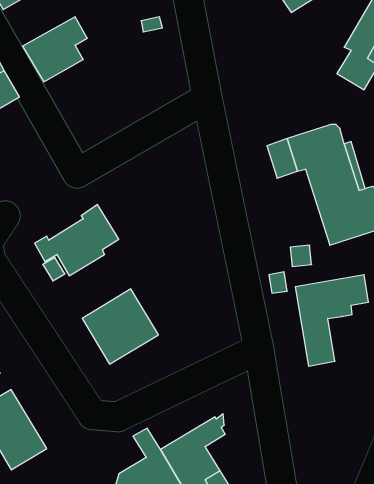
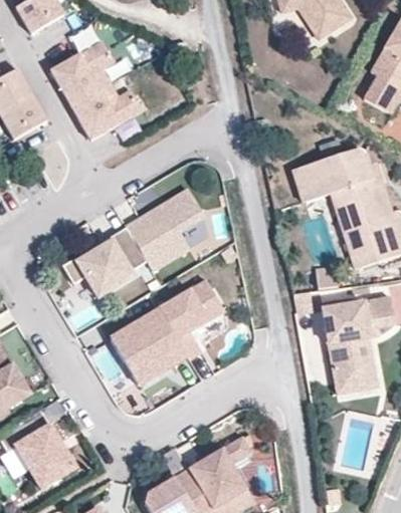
building: none -> [71,82,143,140]
building: none -> [125,189,203,270]
building: none -> [157,278,224,359]
building: none -> [334,336,376,393]

